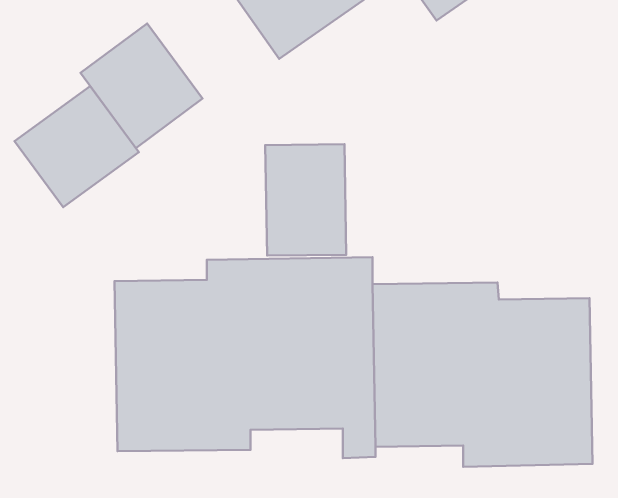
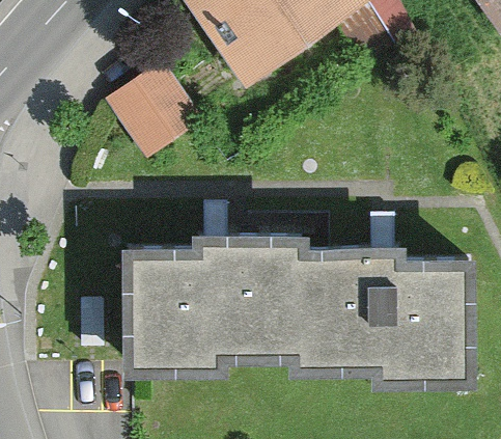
building: [15,86,139,207] -> none
building: [265,144,346,256] -> none

